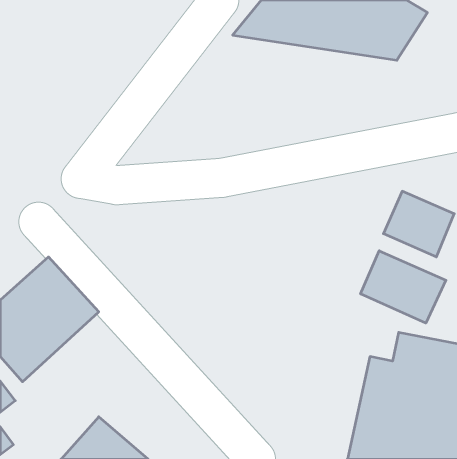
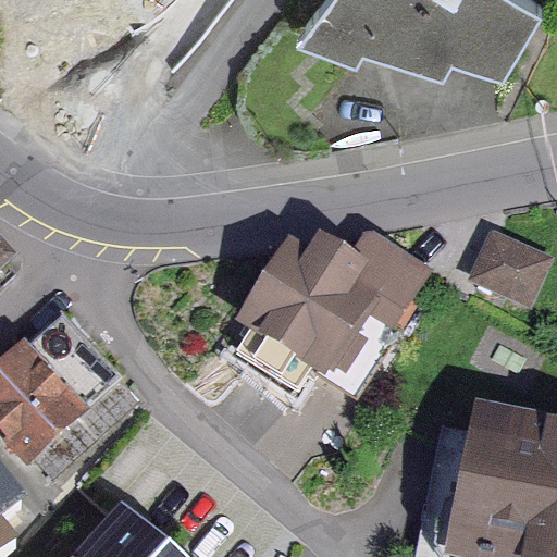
building: none -> [228,230,429,393]
building: [361,251,446,323] -> none

